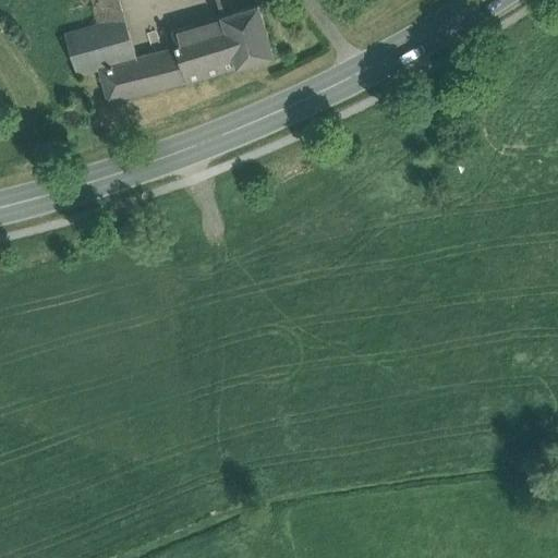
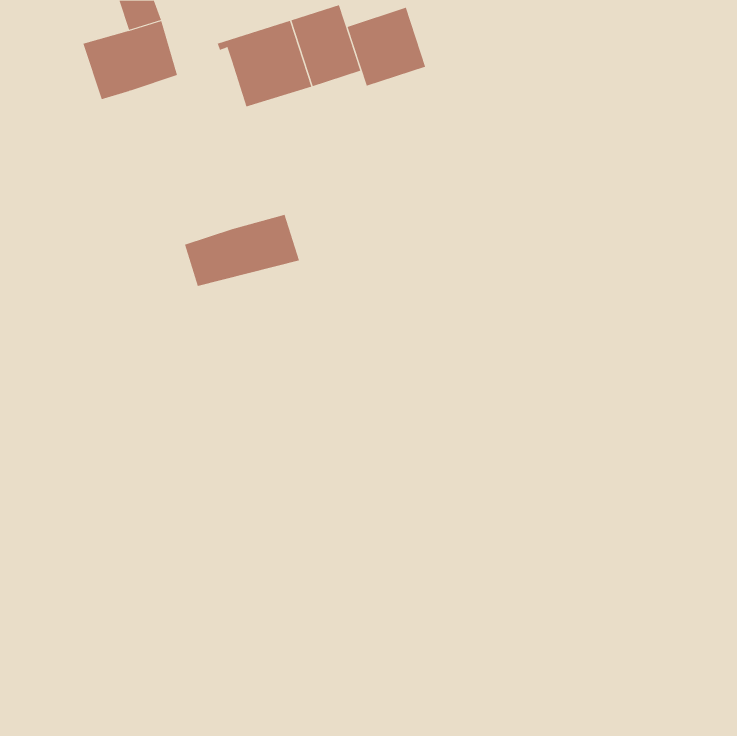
building: none -> [347,7,426,87]
building: [98,48,185,102] -> [184,214,300,287]

